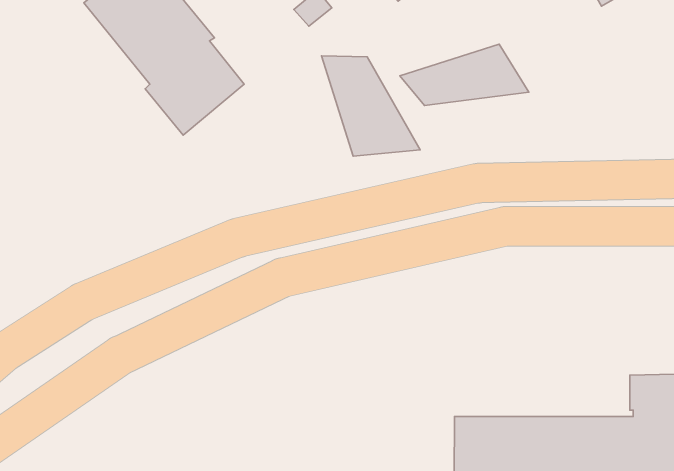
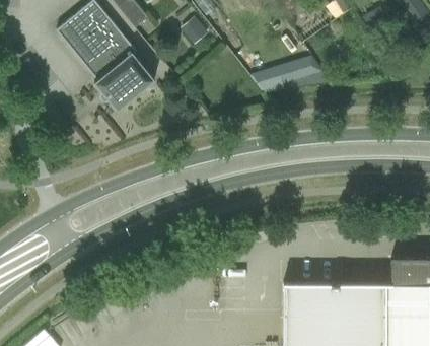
building: [321,56,420,156] -> none

